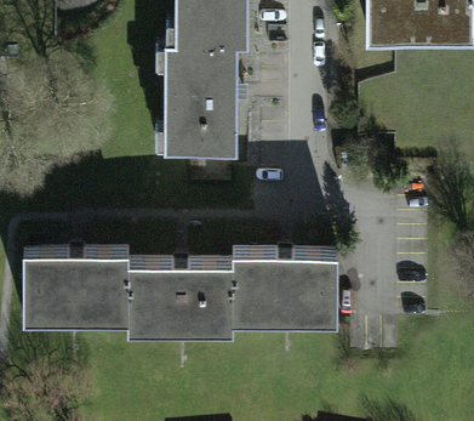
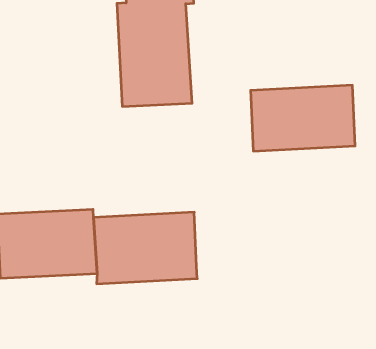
building: [230,255,339,320] -> [251,85,355,151]

